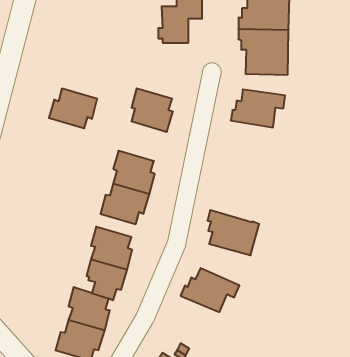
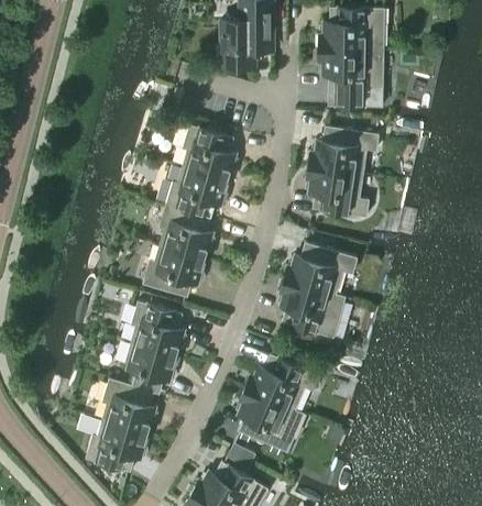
building: [49,89,97,128] -> [166,167,228,218]
building: none -> [307,166,369,218]
building: none -> [283,243,358,296]
building: none -> [238,389,295,453]

